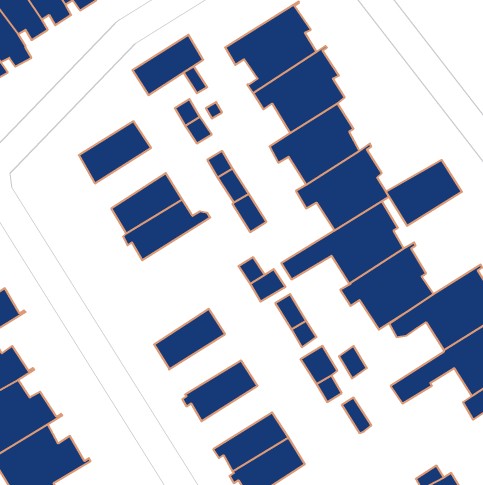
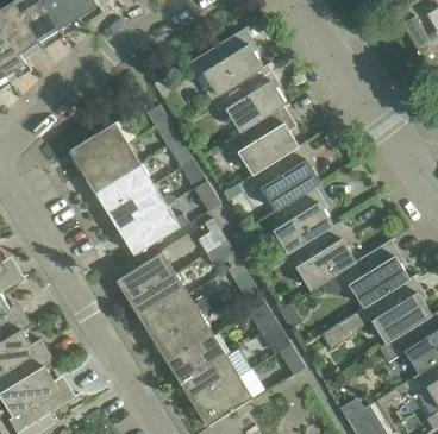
building: [132,35,203,95] -> [82,143,139,191]
building: [386,160,462,226] -> none
building: none -> [117,205,188,254]
building: none -> [113,251,174,301]
building: none -> [136,293,209,341]
building: none -> [168,334,225,383]

